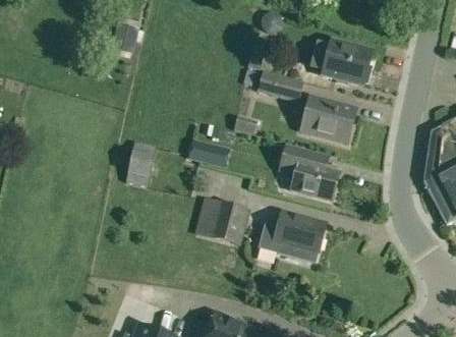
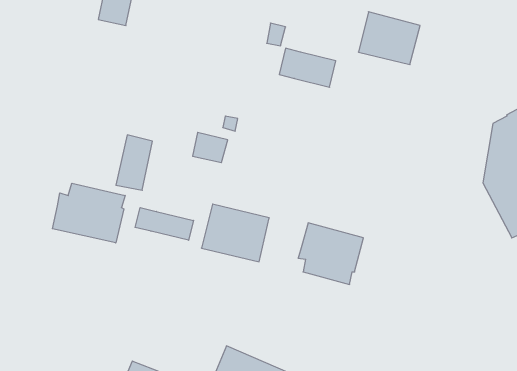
building: [299,94,357,143] -> none
building: [282,145,340,200] -> none
building: none -> [52,183,125,243]
building: none -> [135,208,194,240]

